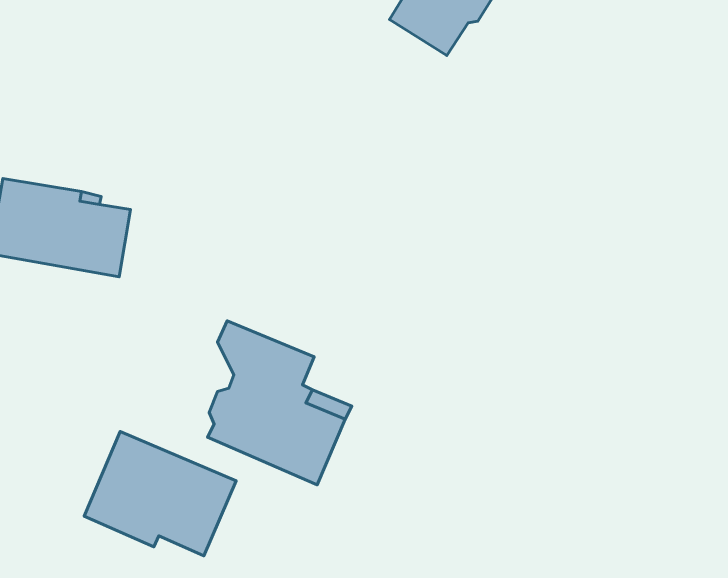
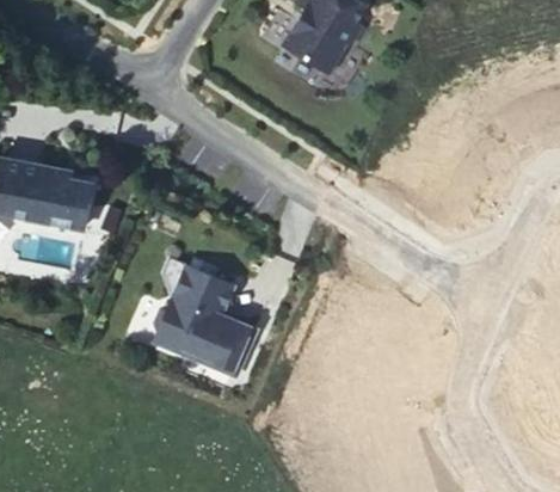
building: [84,431,236,556] -> none

